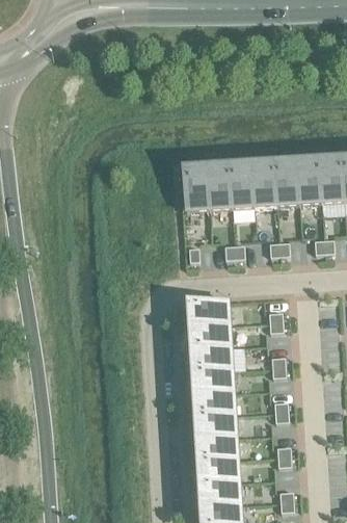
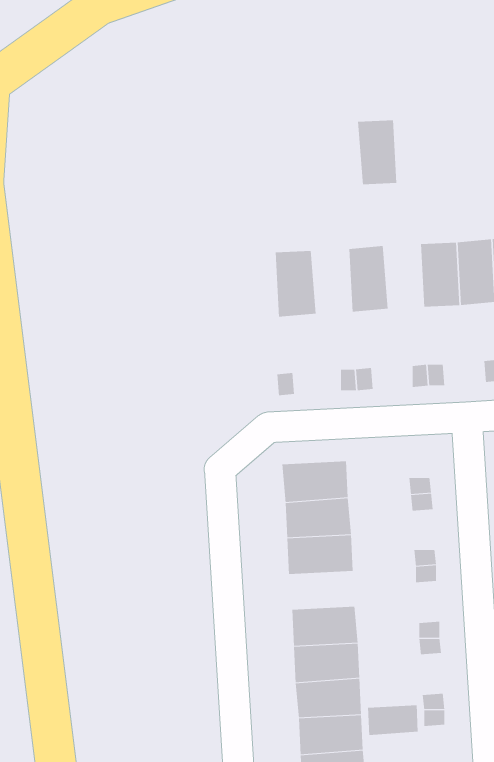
building: [250,164,275,205] -> [357,120,397,185]
building: [206,167,231,208] -> none
building: [191,368,233,392] -> none
building: none -> [368,705,418,736]

